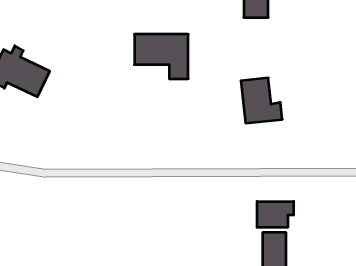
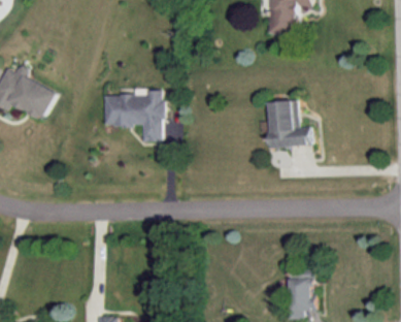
building: [134,34,188,79] -> [103,93,162,141]
building: [257,201,294,227] -> none

